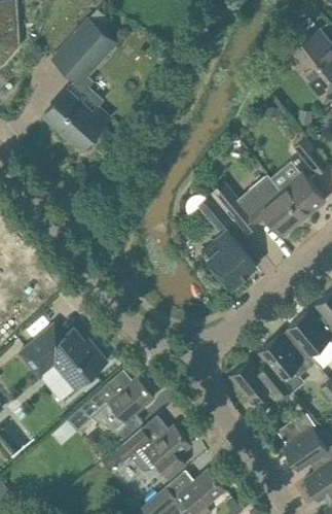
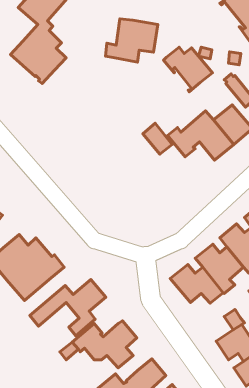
building: none -> [105,19,158,62]
building: none -> [163,47,213,92]
building: [207,231,255,288] -> none

